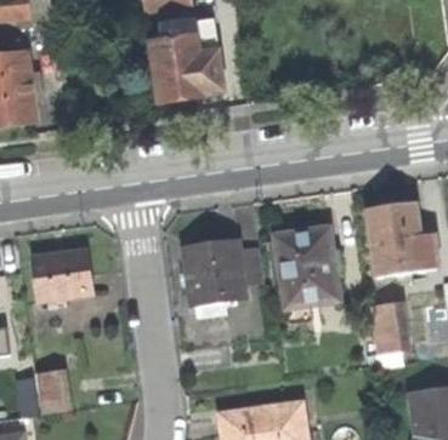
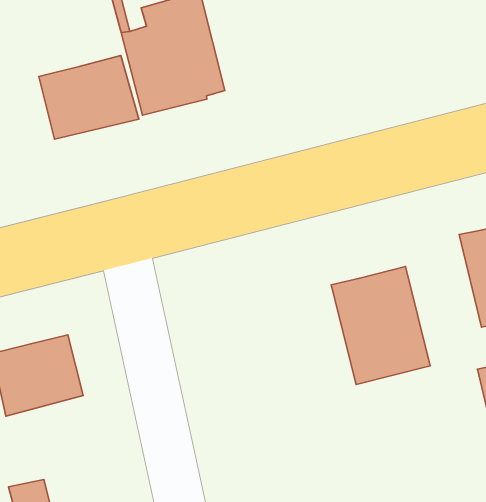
building: none -> [39,56,139,139]
building: [185,240,260,316] -> none

